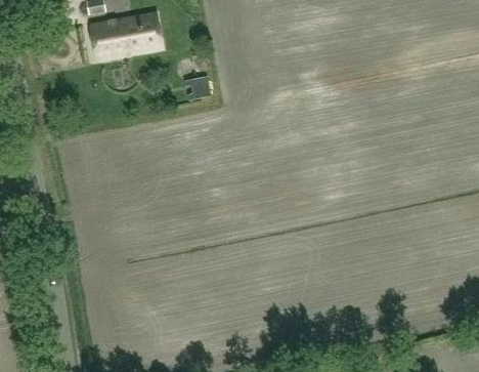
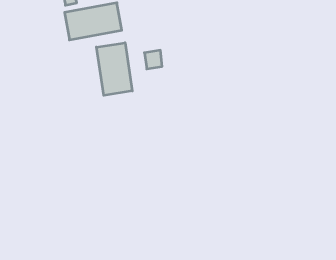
building: none -> [96,43,132,95]

